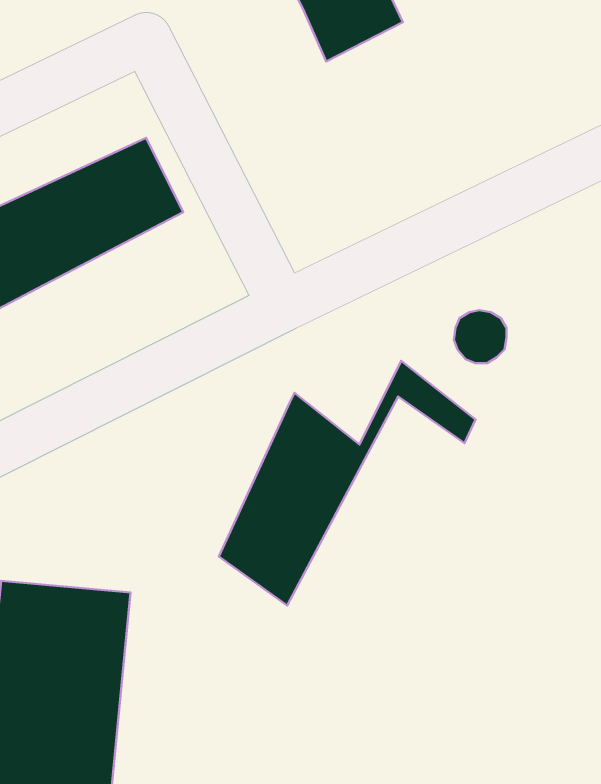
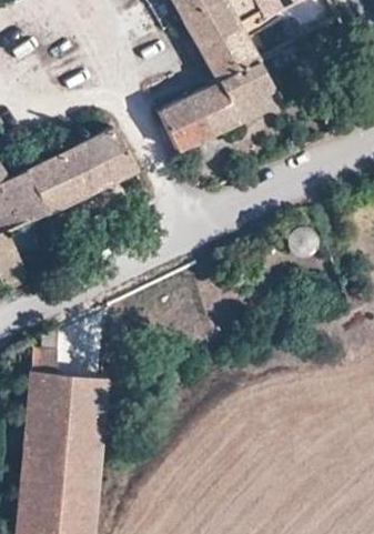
building: none -> [158,62,280,154]
building: [219,361,475,605] -> none

